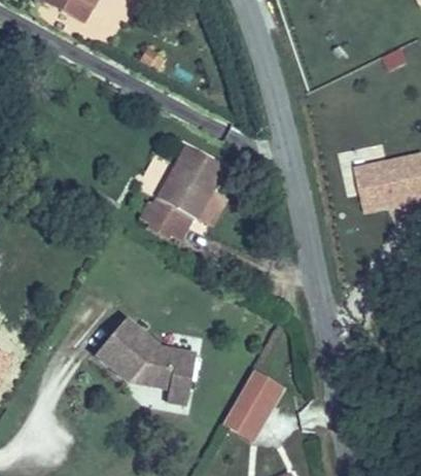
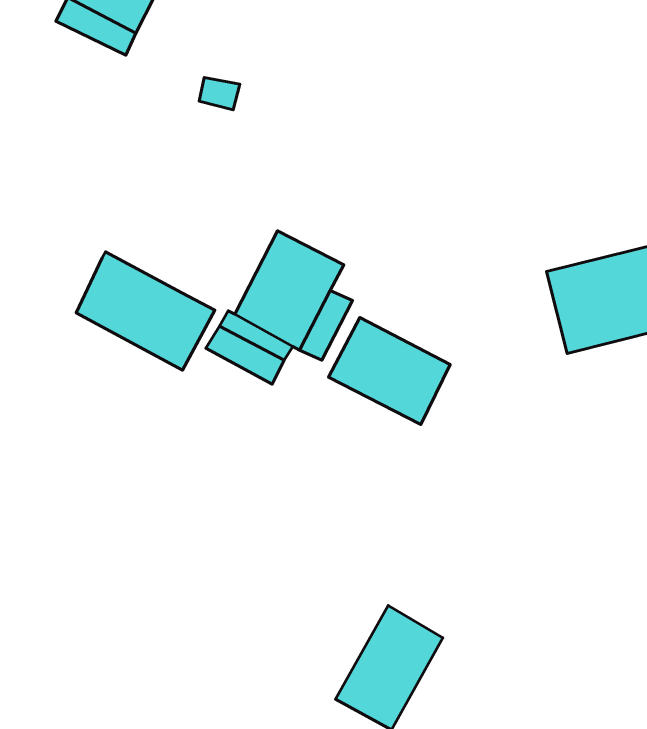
building: none -> [76,252,215,370]
building: none -> [328,317,450,425]
building: [95,316,197,393] -> none

